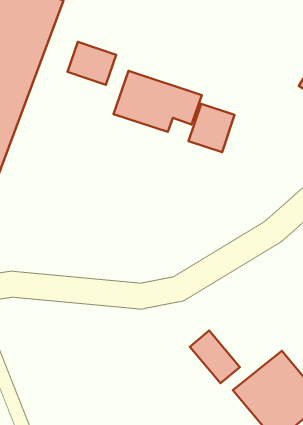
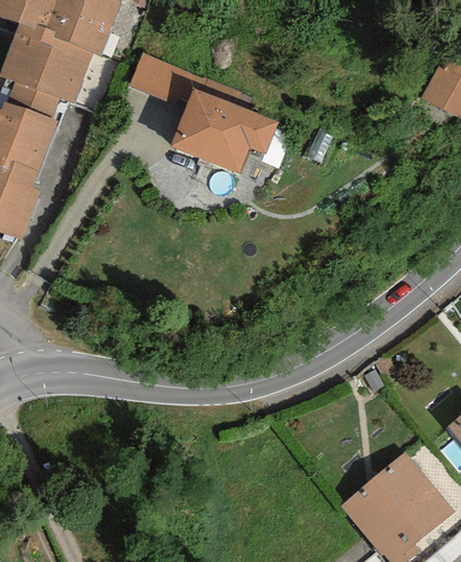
building: [189,104,235,152] -> none
building: [190,331,240,383] -> none

